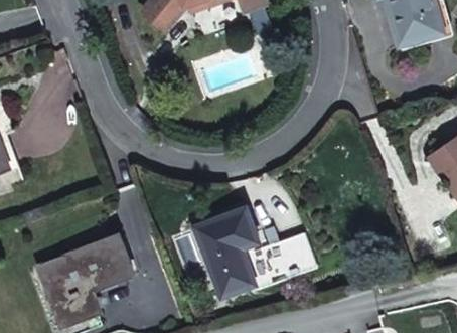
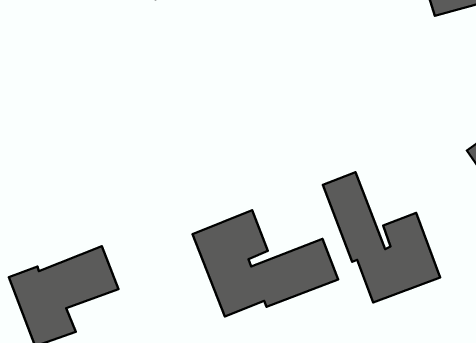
building: none -> [323,172,440,303]

